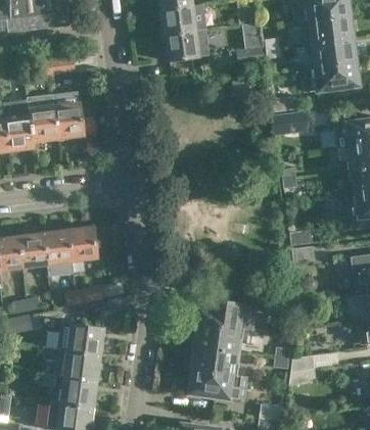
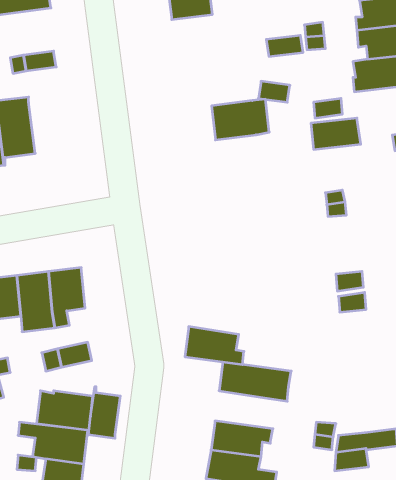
building: [163,29,207,60] -> [212,99,269,140]
building: [51,97,95,139] -> none
building: none -> [89,387,120,438]
building: [196,323,242,352] -> [185,327,244,365]

